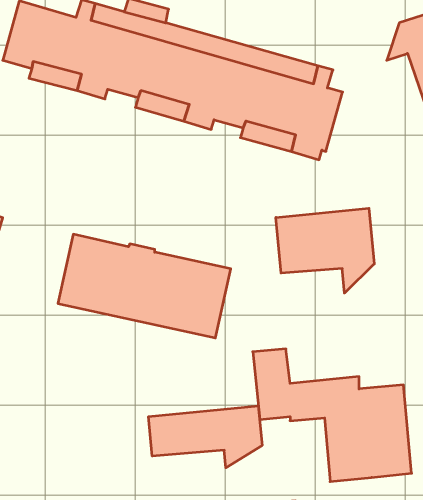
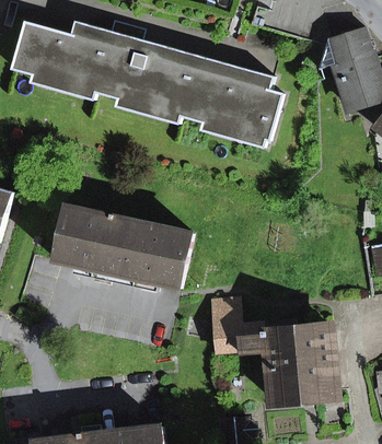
building: [276,208,374,293] -> none
building: [149,406,262,468] -> none

